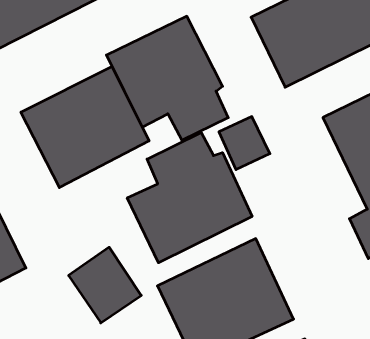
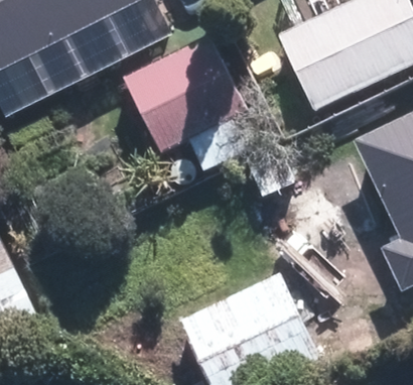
building: [21,66,149,188] -> none
building: [127,133,252,263] -> none

